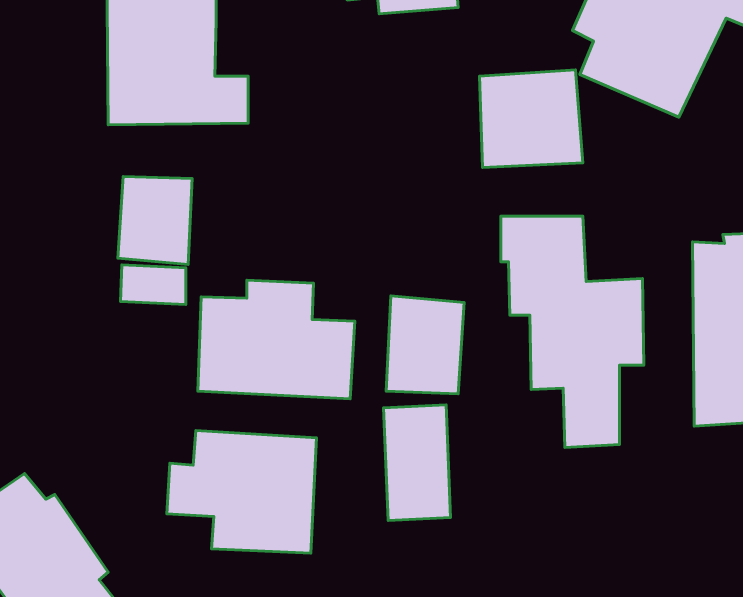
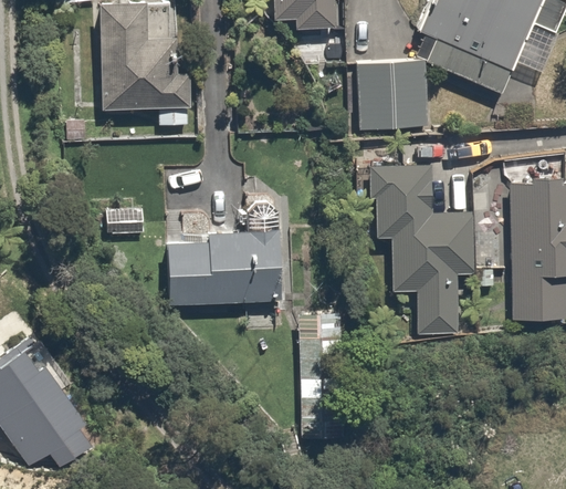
building: [118,176,192,264] -> none
building: [386,296,464,394] -> none
building: [167,431,317,553] -> none

